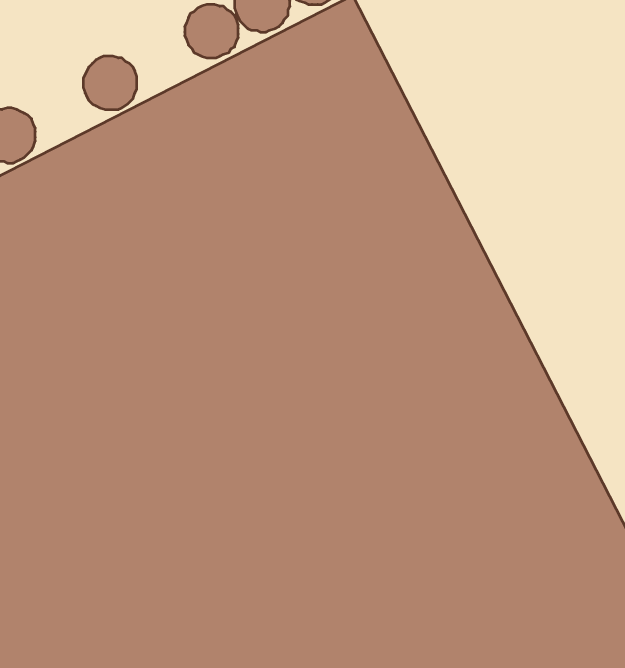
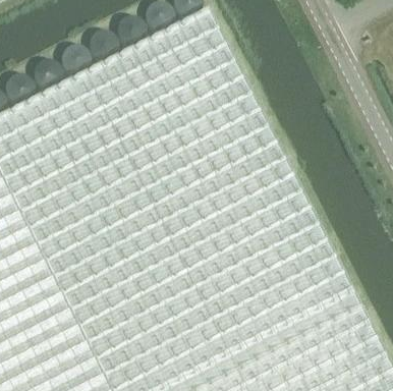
building: none -> [90,37,119,66]
building: none -> [34,65,64,96]

